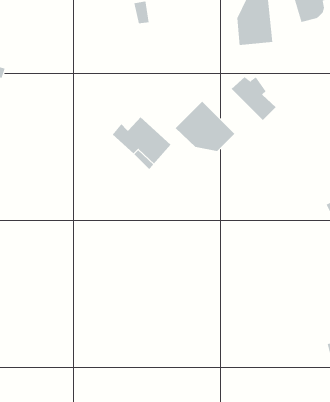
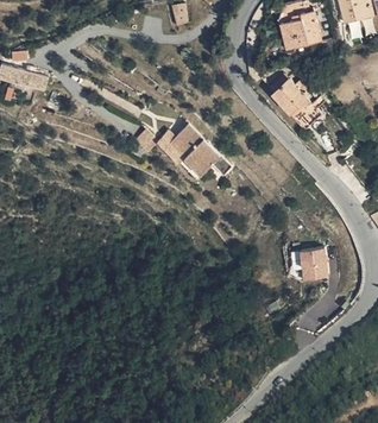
building: [175,101,235,152] -> none
building: none -> [303,247,330,279]

